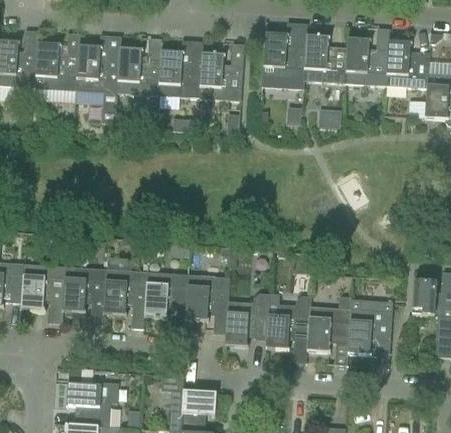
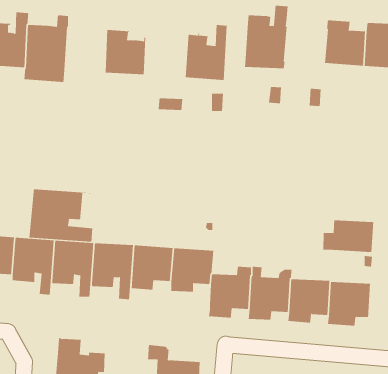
building: [75,35,121,123] -> none
building: [303,36,347,83] -> none
building: [158,41,203,98] -> none
building: none -> [29,189,95,243]
building: none -> [323,219,374,253]

